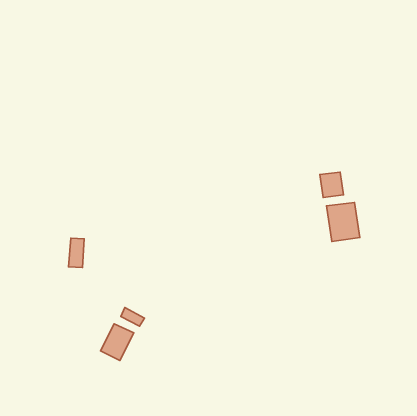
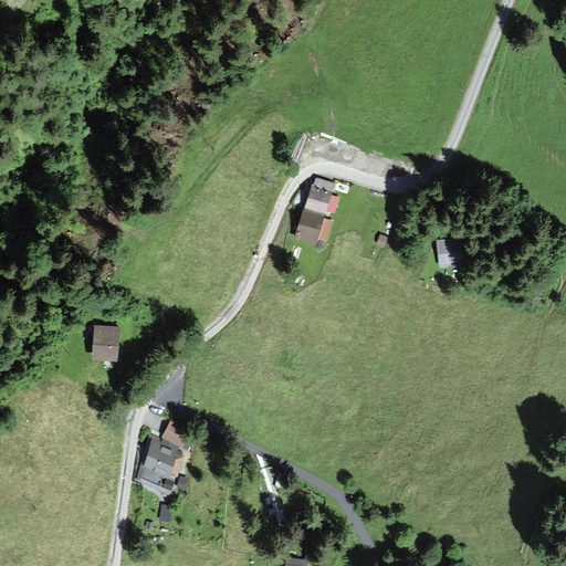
building: none -> [298,177,340,249]
building: [327,203,360,241] -> none

